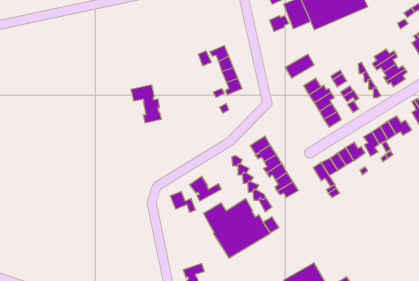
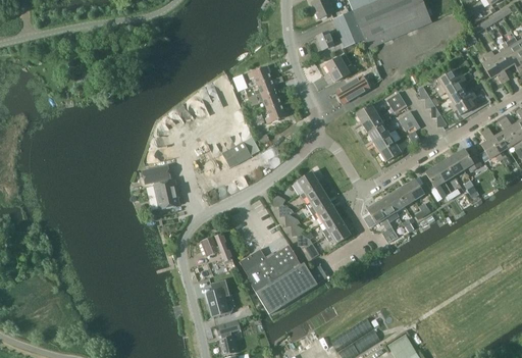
building: none -> [324,54,350,81]
building: [131,85,162,123] -> [143,164,178,208]
building: none -> [222,142,250,167]
building: [190,176,221,201] -> none
building: none -> [208,278,229,315]

